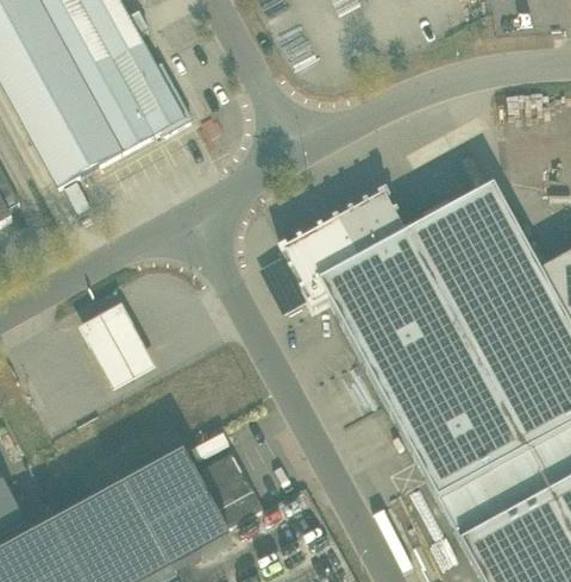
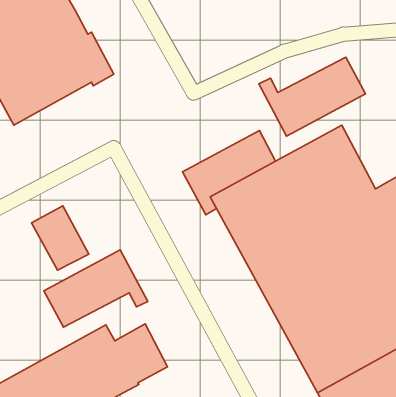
building: none -> [259,57,365,136]
building: none -> [44,250,148,327]

